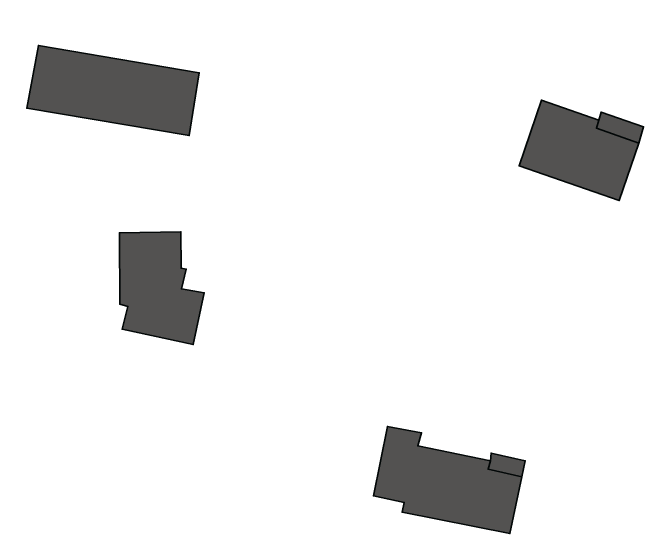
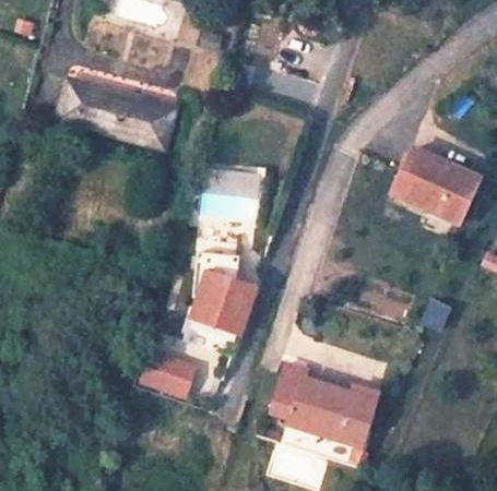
building: [119,232,204,345] -> [193,254,252,336]
building: none -> [140,351,198,397]

